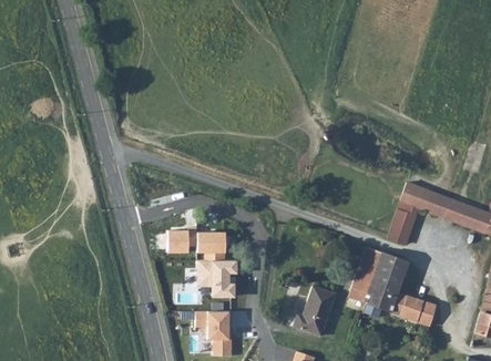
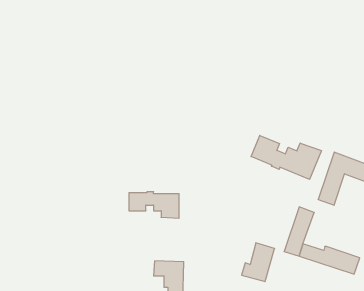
building: none -> [251,135,321,179]
building: [370,254,409,298] -> none
building: [197,259,237,298] -> none

